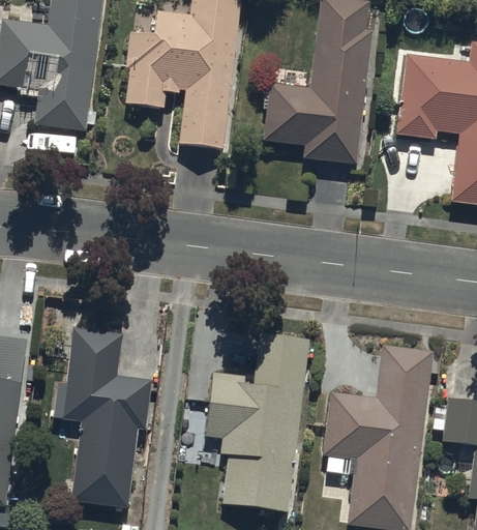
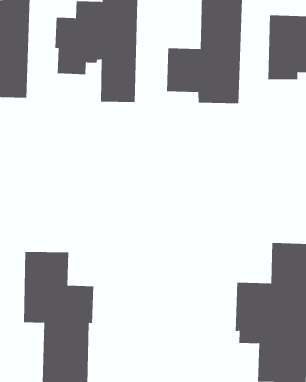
building: [205,331,307,510] -> none

